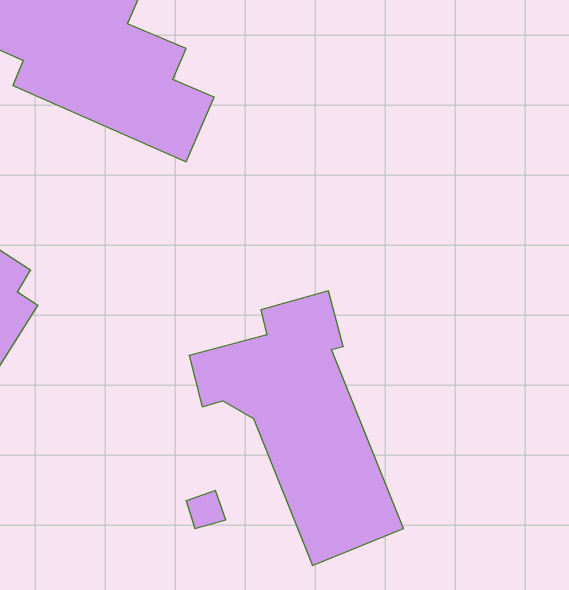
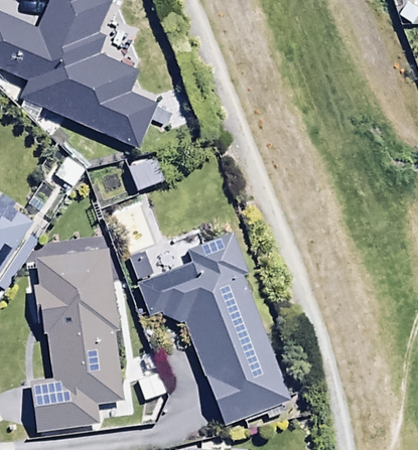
building: none -> [31,251,121,427]

